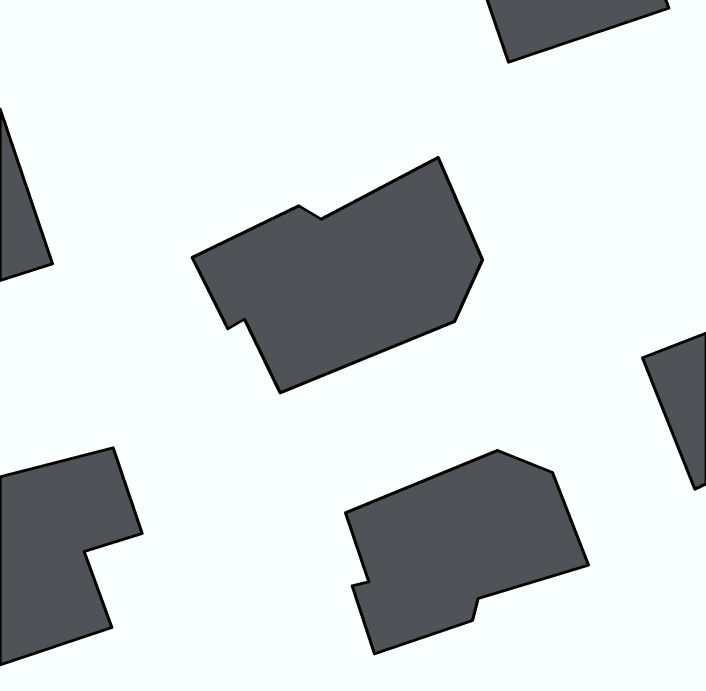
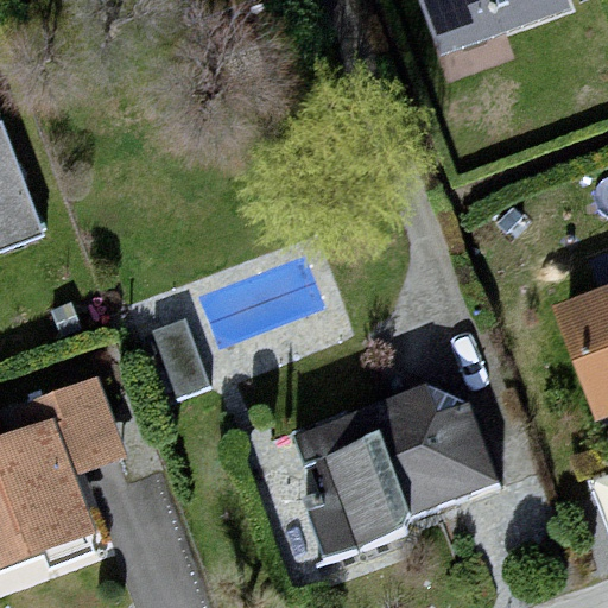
building: [192,158,482,393] -> none

